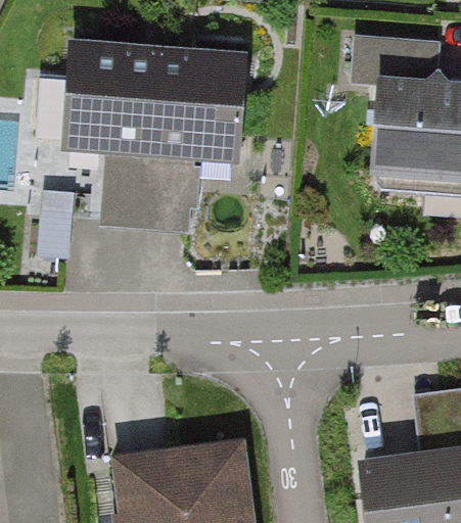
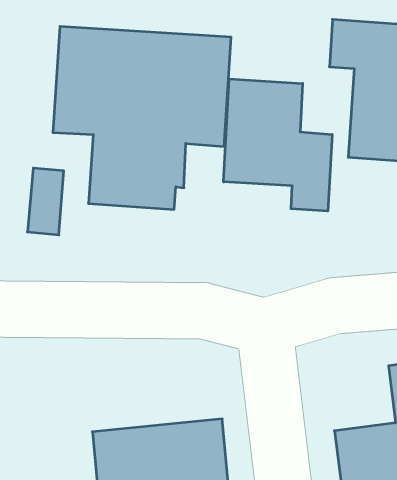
building: none -> [224,79,332,211]

